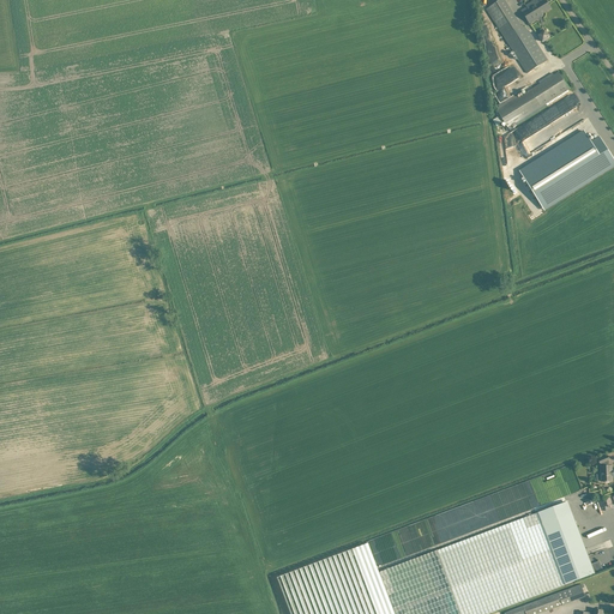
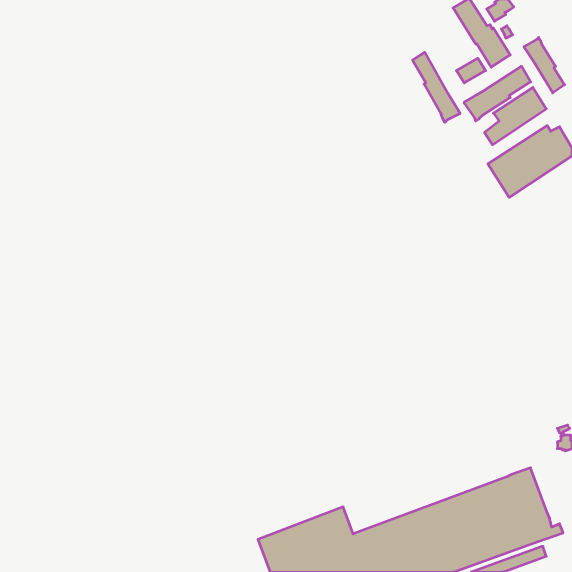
building: none -> [524,37,565,93]
building: none -> [413,52,460,122]

